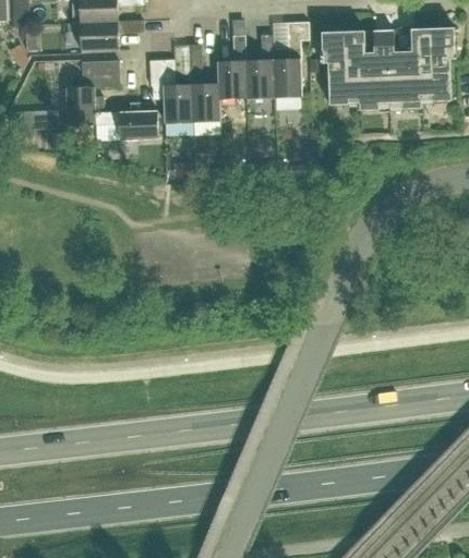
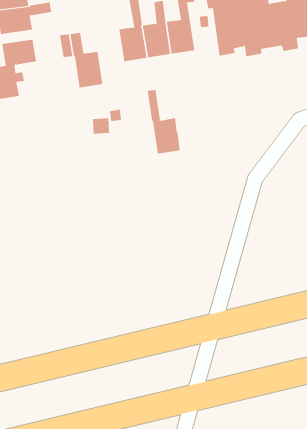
building: [189,47,219,121] -> [147,89,181,154]
building: [94,101,158,140] -> none

